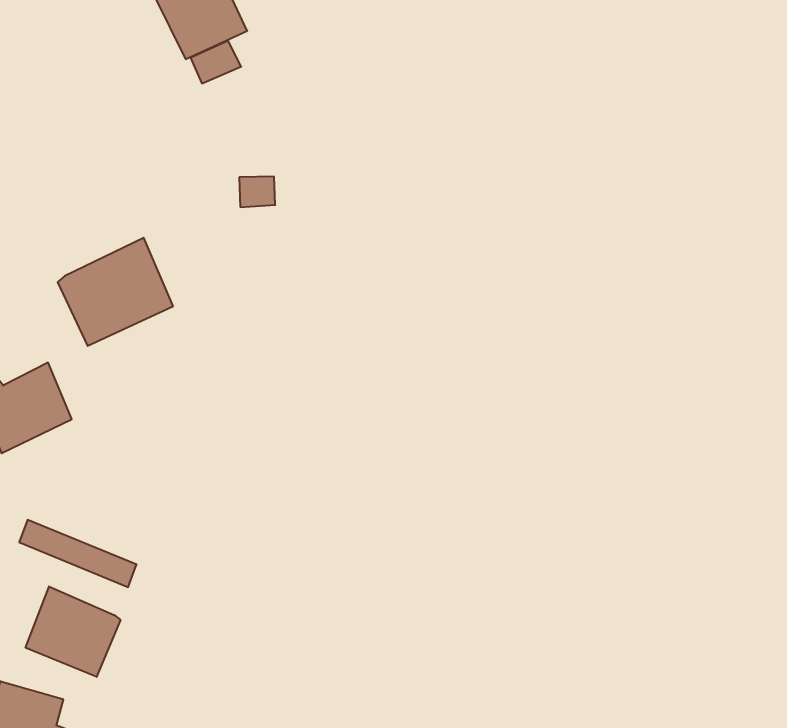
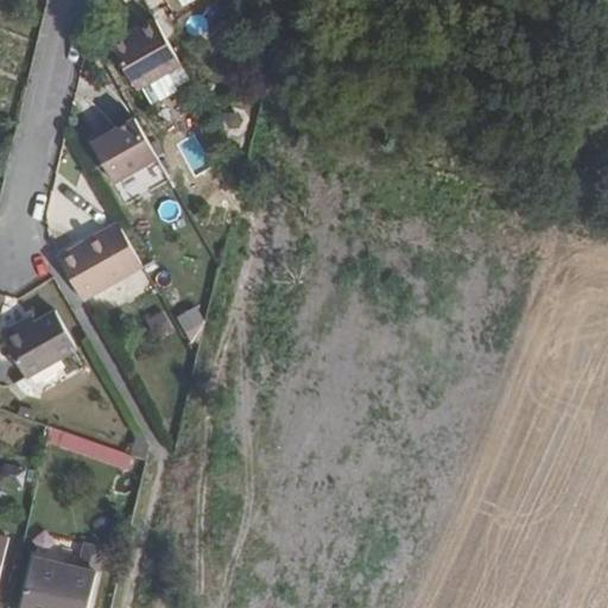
building: none -> [78,113,154,184]
building: [26,586,120,677] -> none

